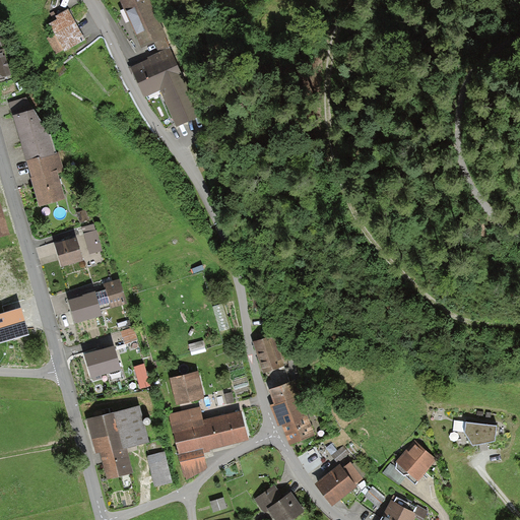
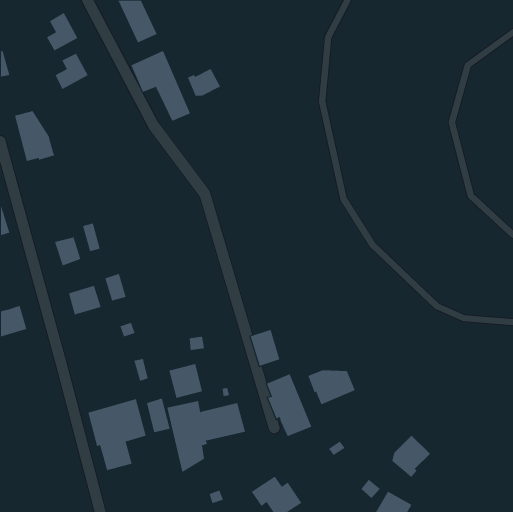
building: none -> [55,53,88,90]
building: none -> [187,68,221,96]
building: [26,155,66,209] -> none
building: [86,344,121,379] -> none
building: none -> [307,370,356,405]
building: [464,419,497,442] -> none
building: [147,450,172,485] -> [146,398,170,433]
building: [316,461,363,504] -> none

